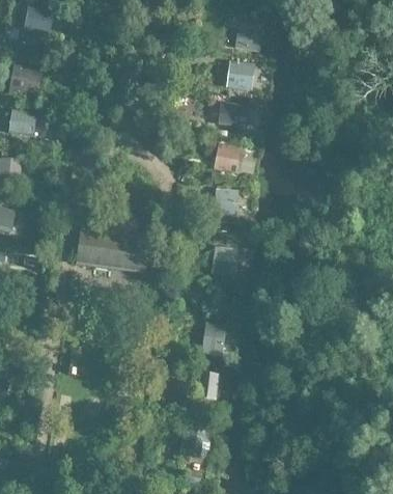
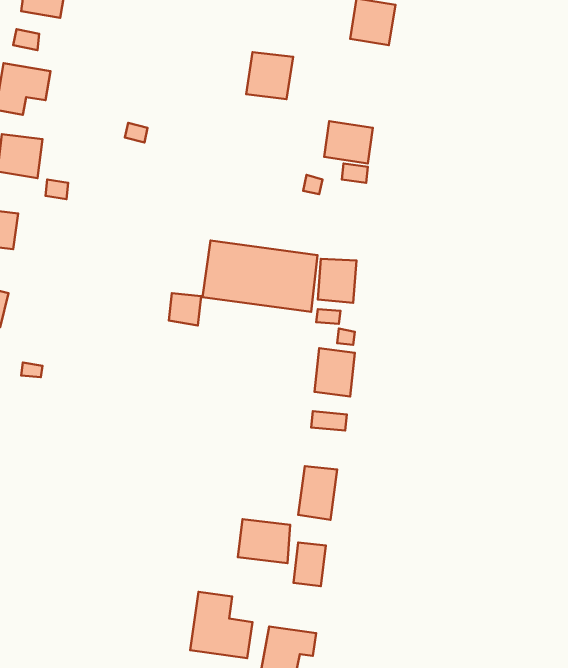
building: [226,61,256,91] -> [246,52,293,99]
building: [214,143,242,175] -> none
building: [77,227,150,273] -> [203,241,318,312]
building: none -> [238,519,290,563]
building: none -> [190,592,253,658]

